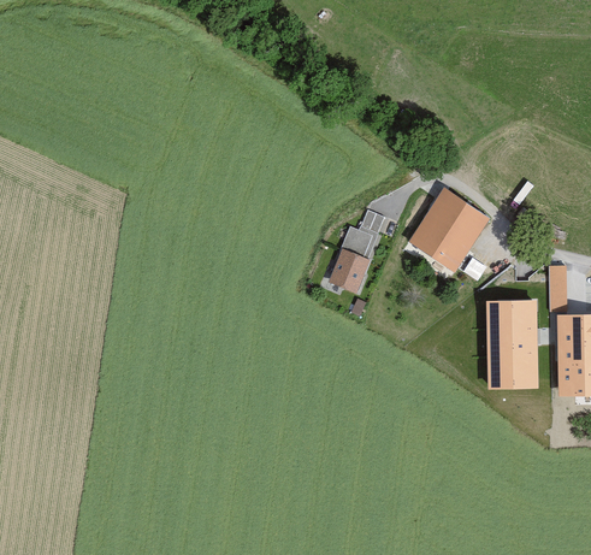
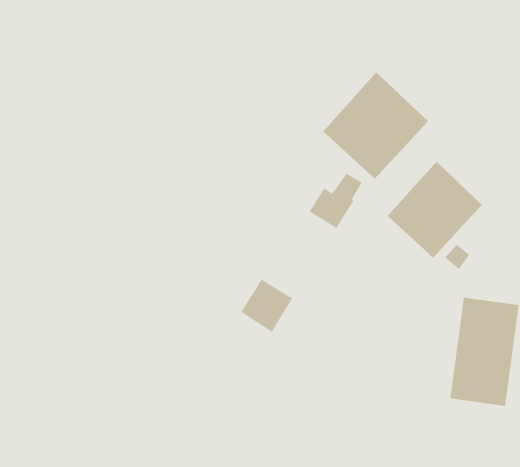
building: none -> [323,72,429,179]
building: [329,248,372,293] -> [240,279,293,332]

